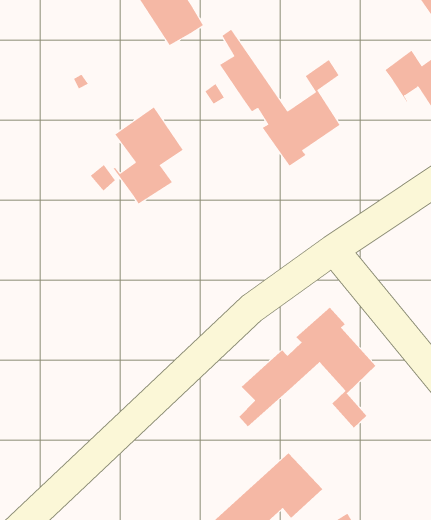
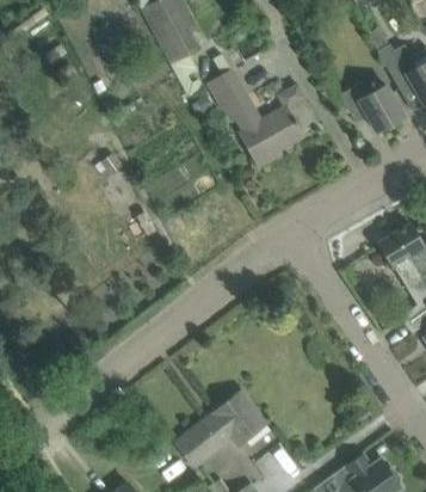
building: [113,107,184,204] -> none
building: [239,307,376,429] -> none

